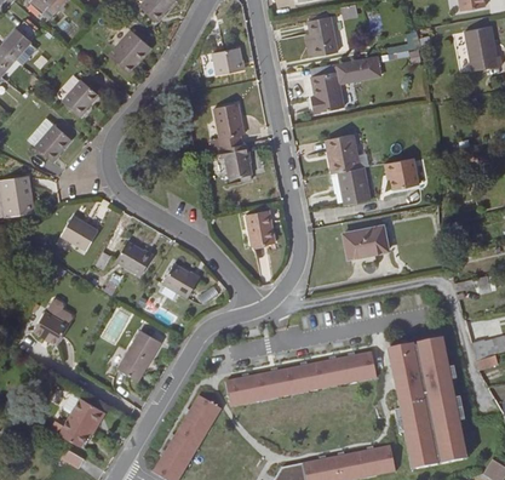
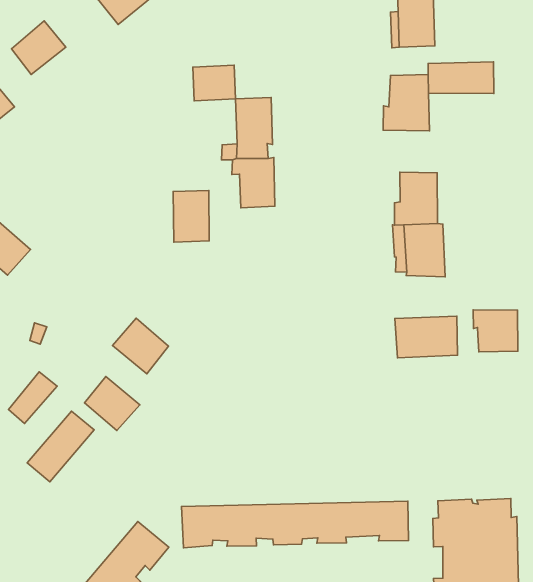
building: [212,46,243,74] -> [193,65,236,101]
building: [385,156,419,188] -> [473,310,518,352]
building: [246,208,275,246] -> [173,190,209,242]
building: [116,240,153,274] -> [84,377,140,431]

